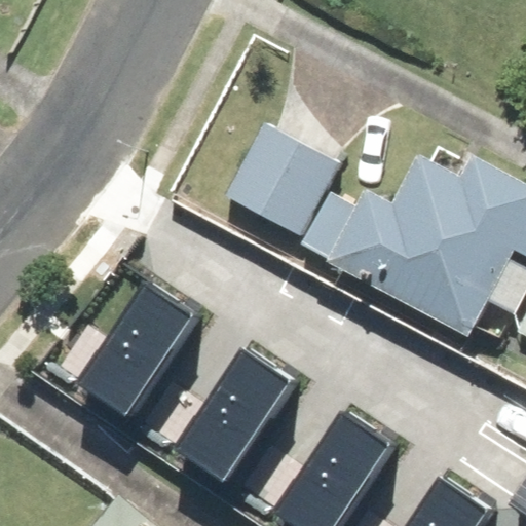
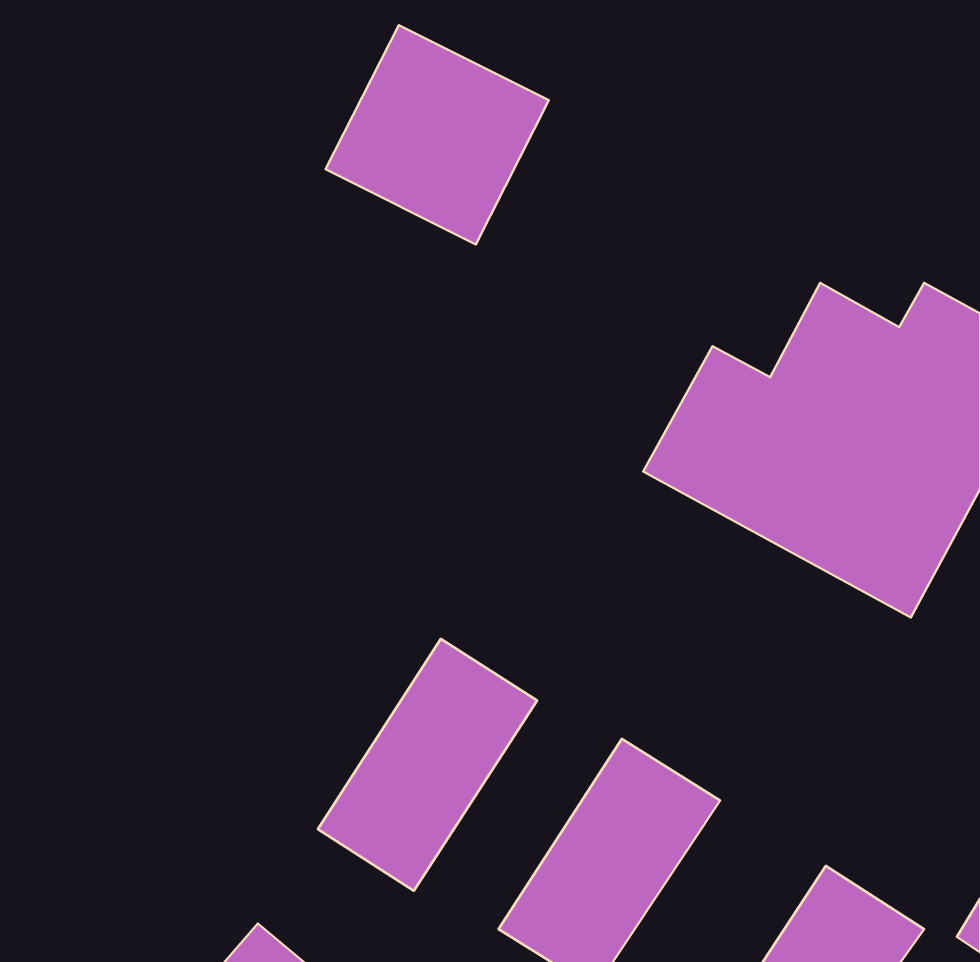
building: [231,127,350,245] -> [326,25,549,244]
building: [74,291,192,426] -> none

